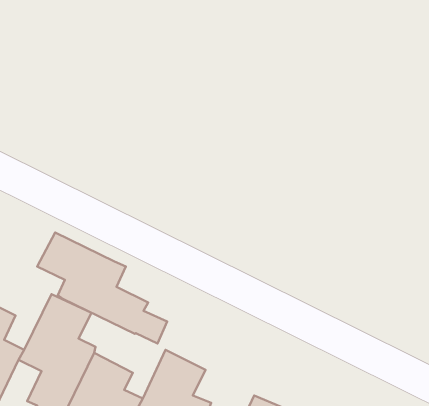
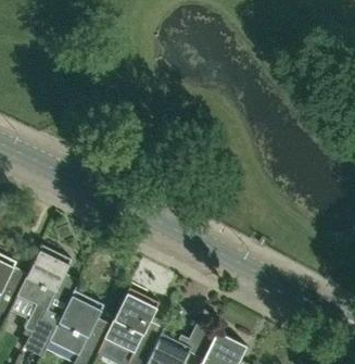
building: [37,232,167,344] -> none

